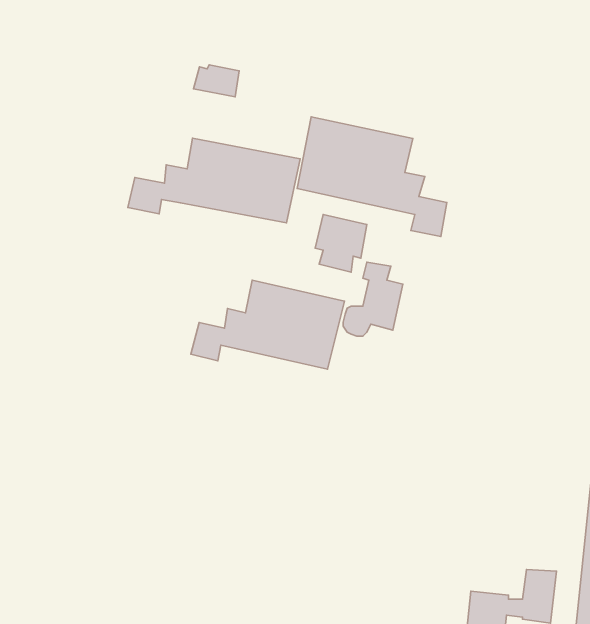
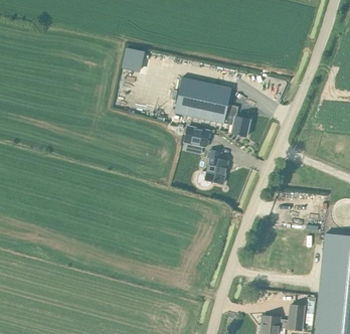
building: [128,138,300,223] -> none
building: [191,280,344,369] -> none

